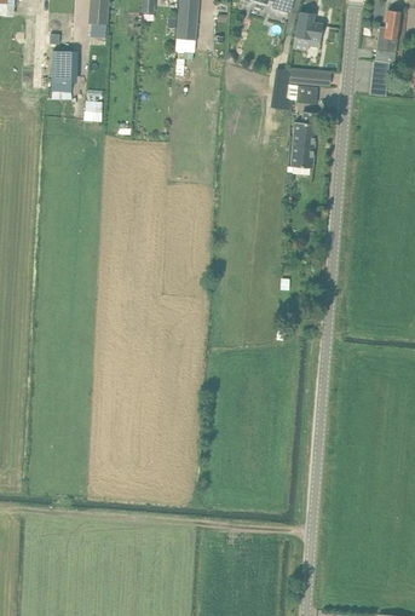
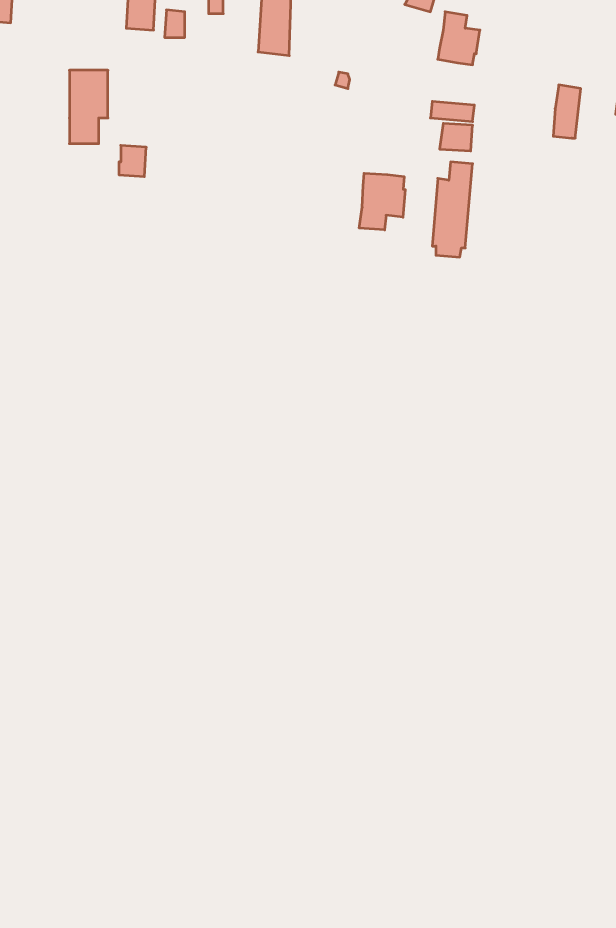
building: [374,7,402,61] -> none
building: none -> [359,173,405,230]

